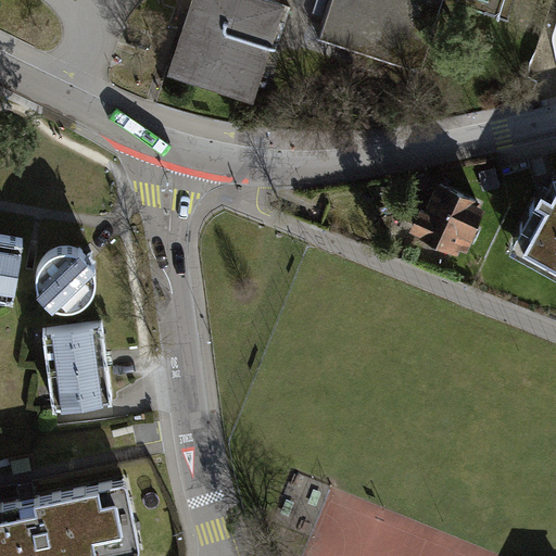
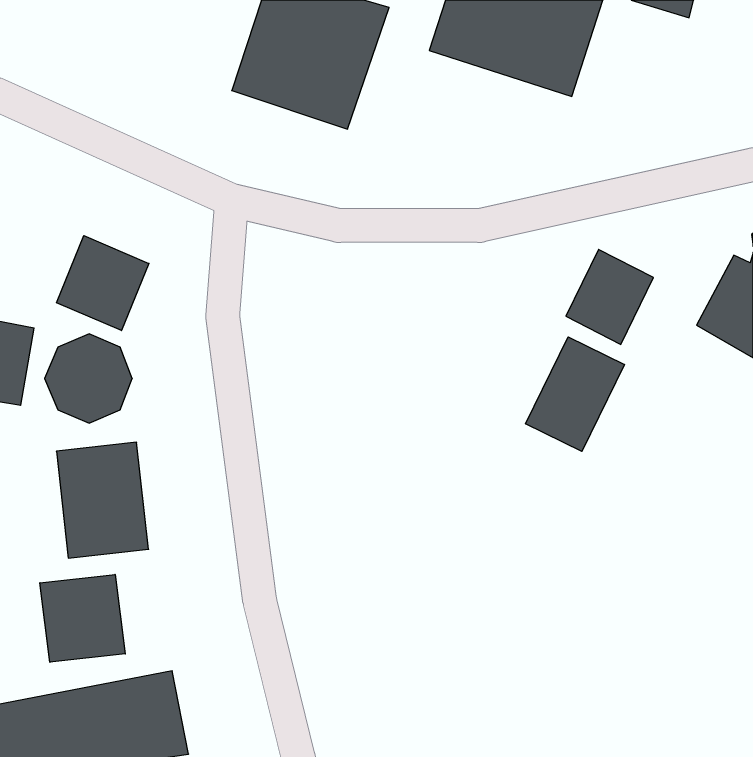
building: none -> [56,236,149,331]
building: none -> [526,337,624,451]
building: none -> [40,574,125,662]

